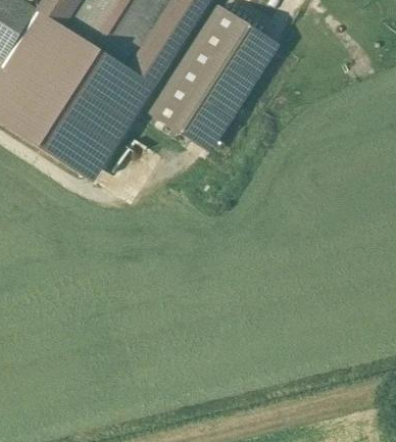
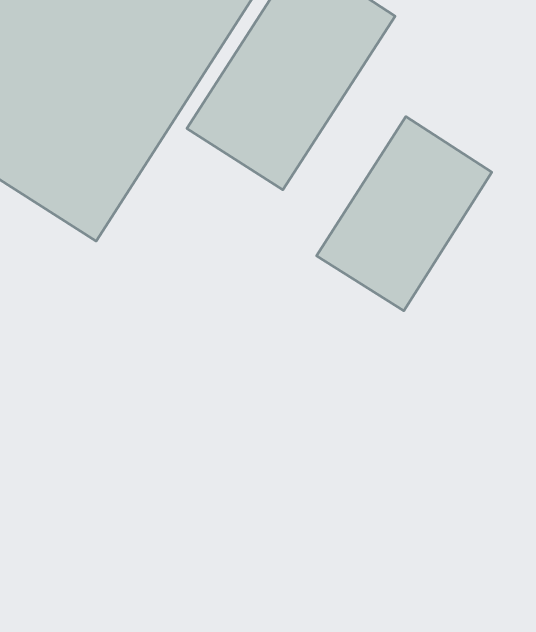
building: none -> [316,117,492,311]

